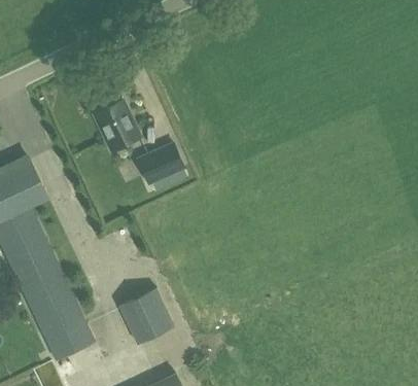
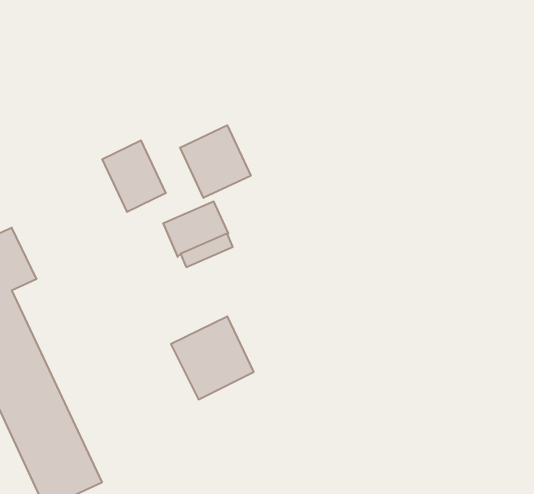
building: none -> [180,125,251,198]
building: [117,286,176,345] -> [171,317,254,399]

